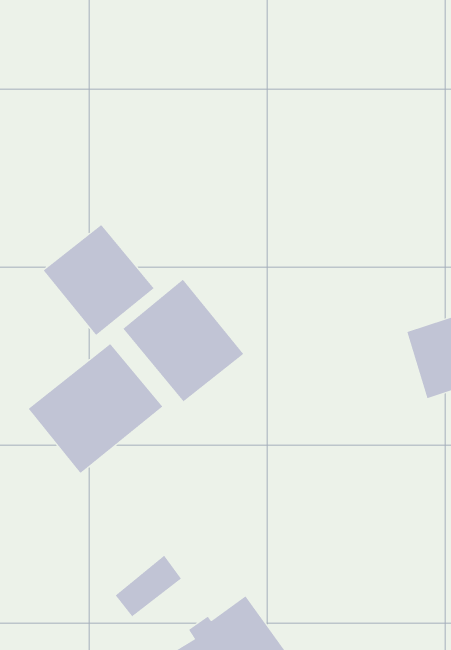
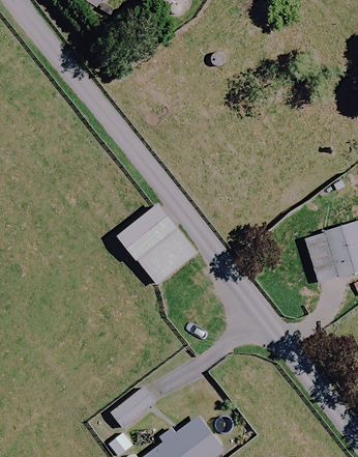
building: [43,224,154,336] -> none
building: [28,343,163,474] -> none

